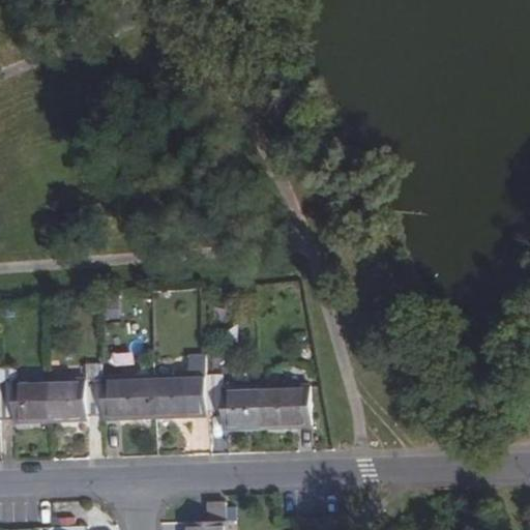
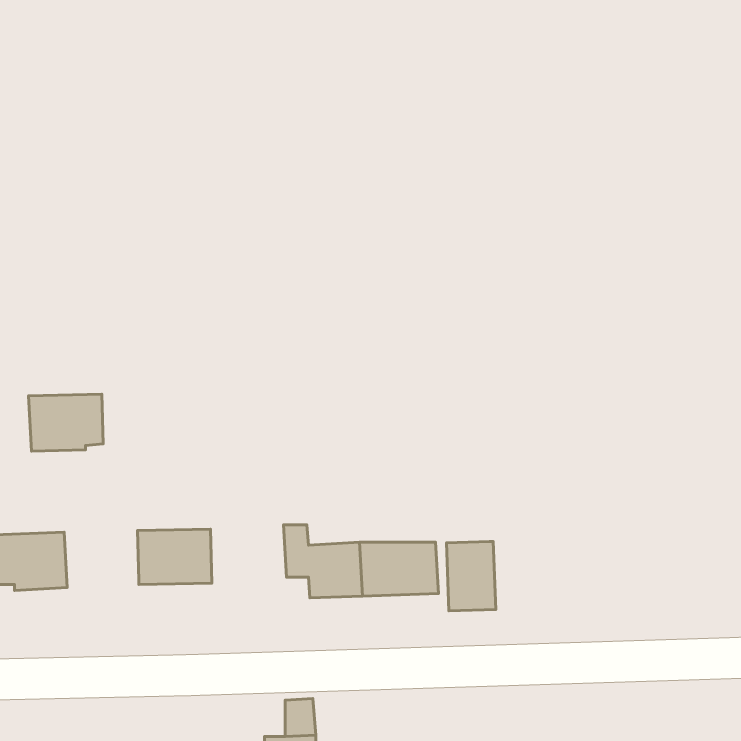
building: [149,376,203,417] -> none
building: [46,380,98,420] -> [29,394,103,451]
building: none -> [446,541,496,611]

